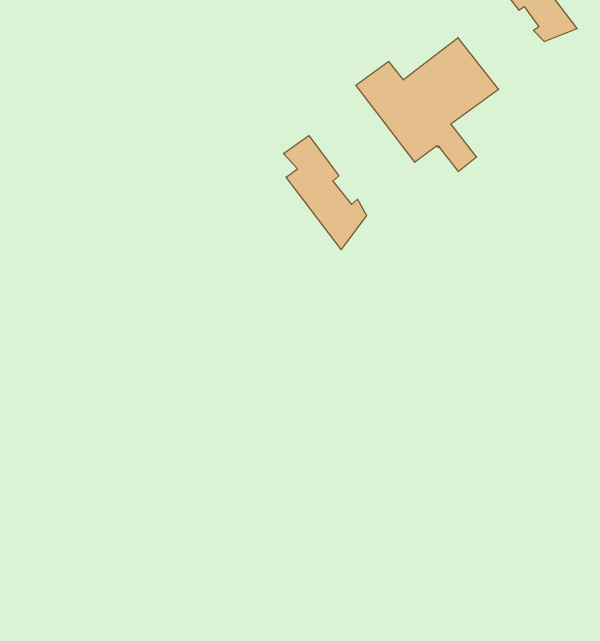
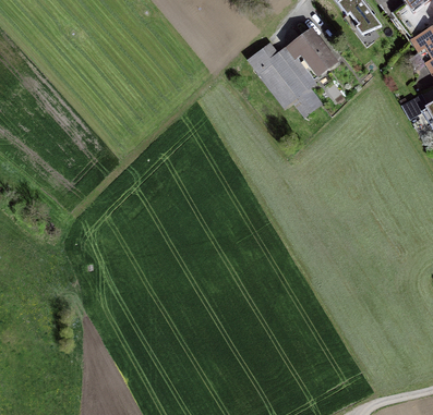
building: [283,136,367,250] -> none

